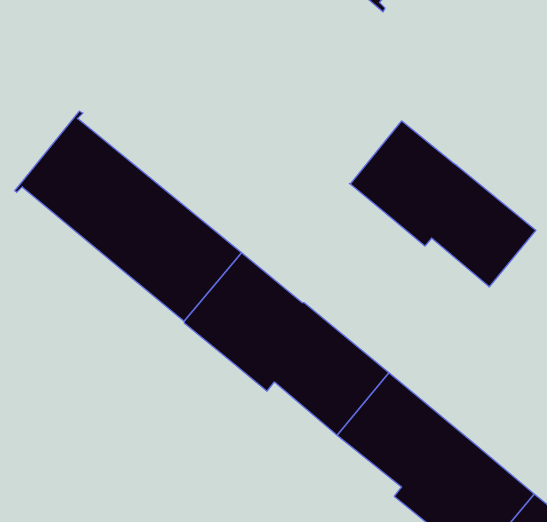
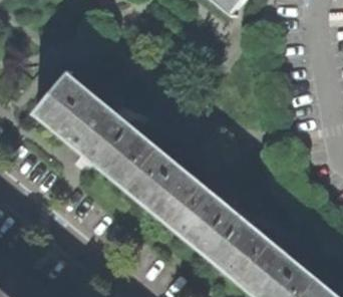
building: [349,121,536,287] -> none

